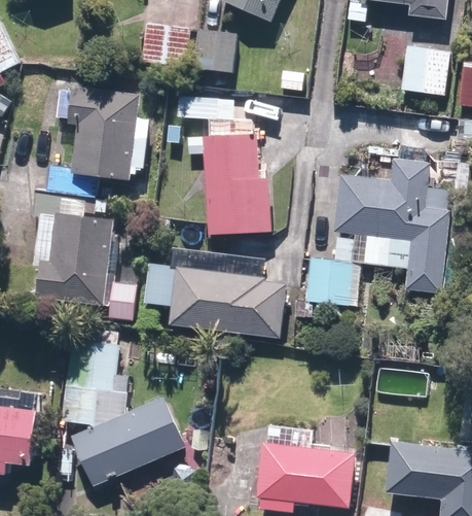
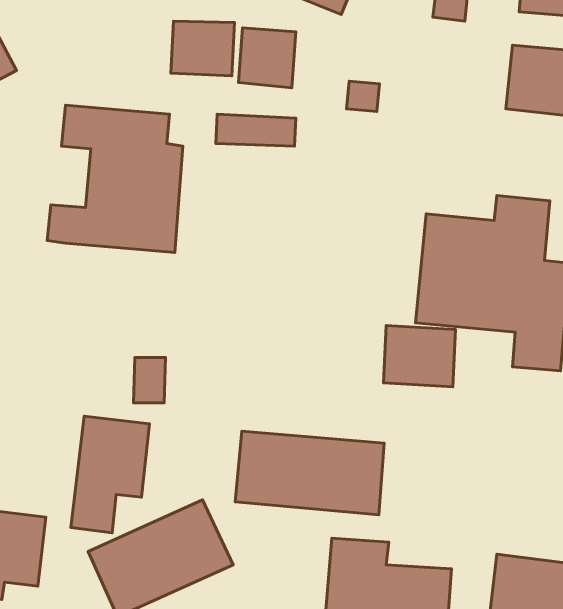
building: [185,133,270,235] -> none
building: [30,195,120,303] -> none
building: [170,271,285,336] -> [235,431,384,515]

